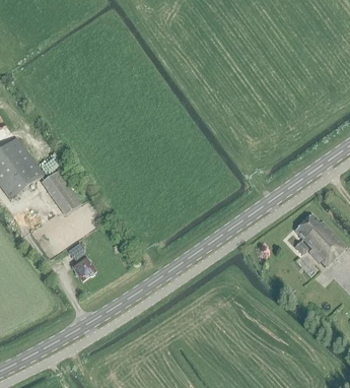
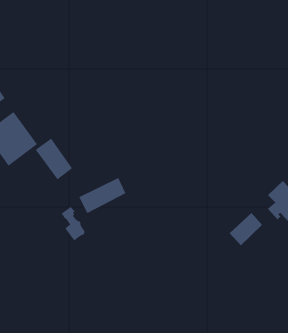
building: none -> [79,177,126,214]
building: none -> [229,212,263,246]

